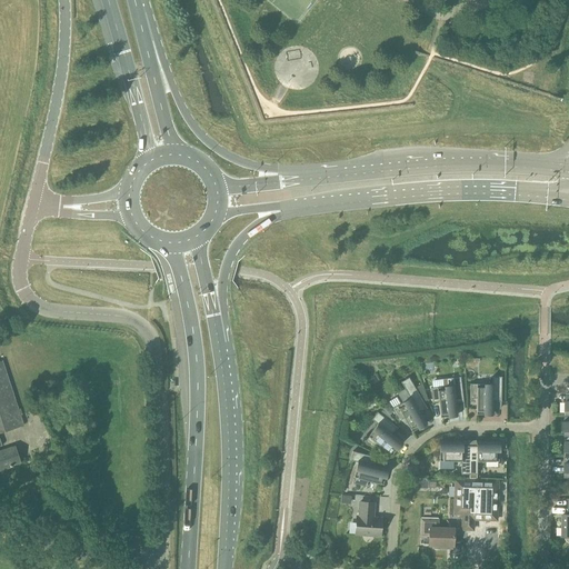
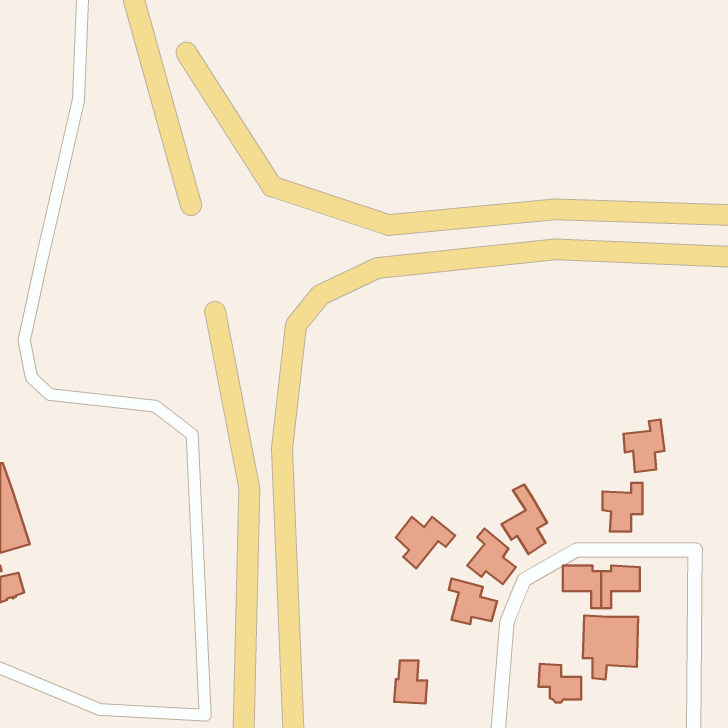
building: [431,377,463,418] -> [623,420,665,472]
building: none -> [396,517,455,568]
building: [356,502,381,536] -> [394,661,427,703]

